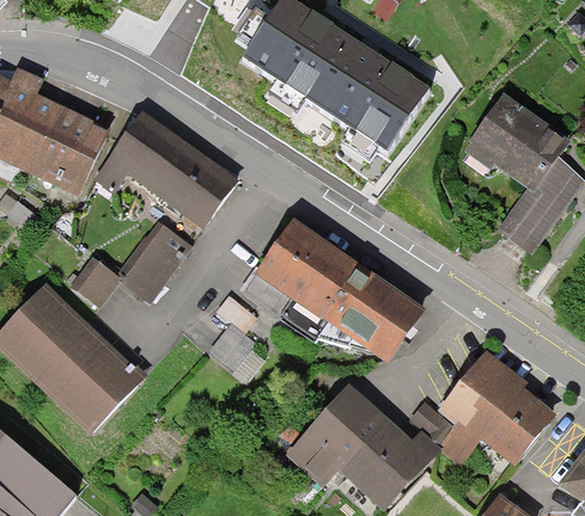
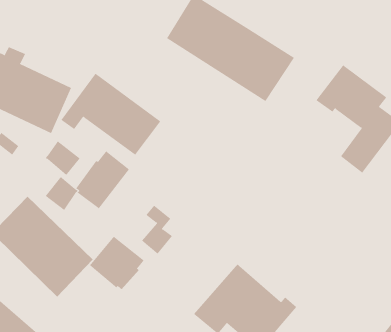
building: none -> [45,141,81,176]
building: [255,217,425,363] -> none
building: none -> [89,236,144,290]
building: [408,349,553,466] -> none

